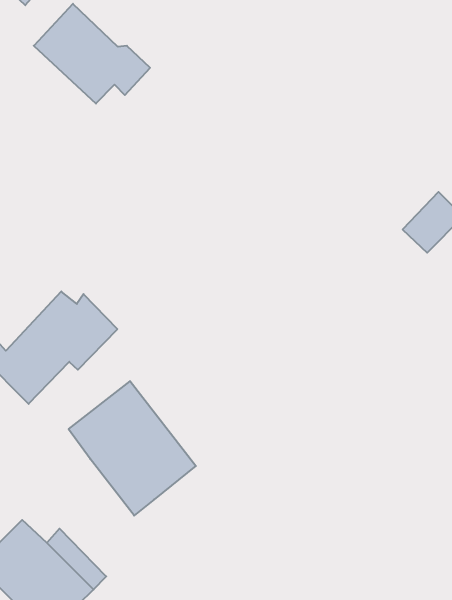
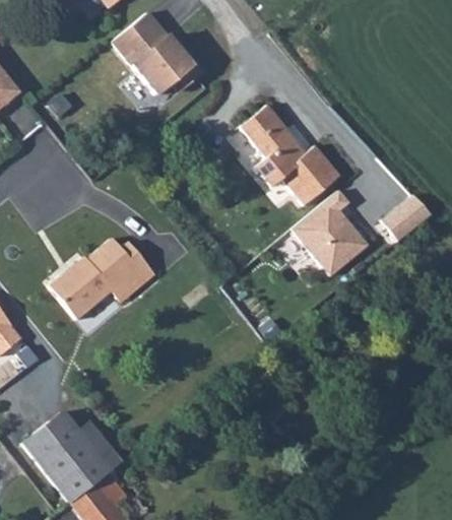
building: none -> [238,105,337,204]
building: none -> [293,189,368,274]
building: [69,381,196,516] -> none

